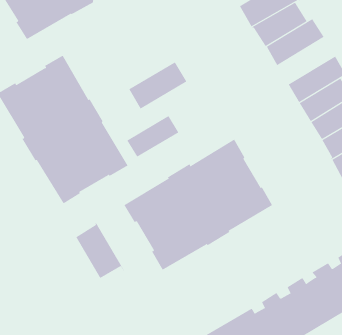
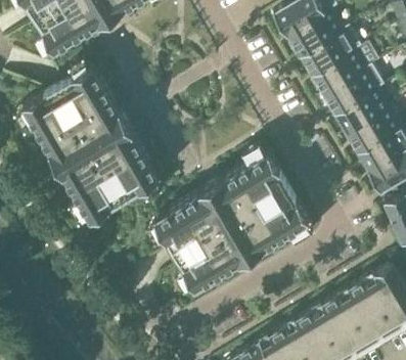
building: none -> [313,47,373,96]
building: [129,61,187,110] -> none
building: [126,115,179,158] -> none
building: [76,223,125,279] -> none

